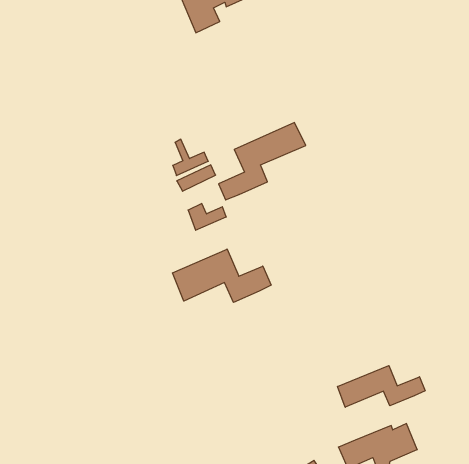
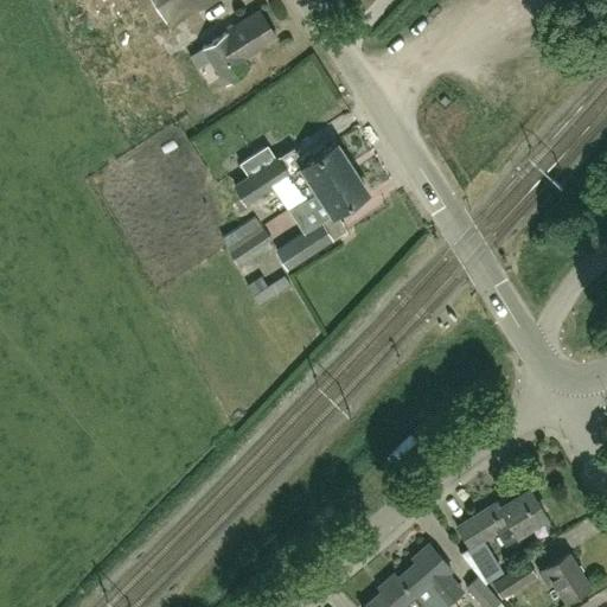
building: none -> [236,146,352,211]
building: [172,249,271,302] -> none
building: [338,366,425,407] -> none

